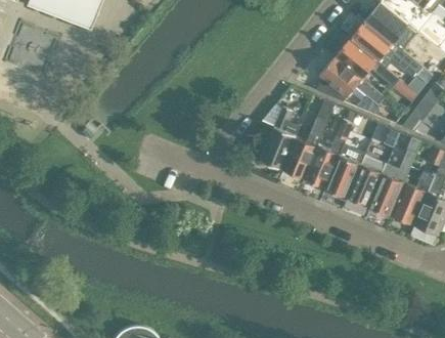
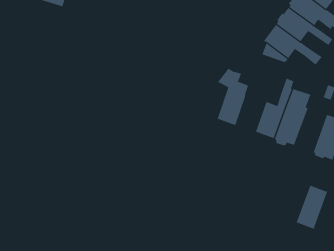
building: [281,102,332,179] -> none
building: [347,156,386,207] -> [296,185,328,229]

